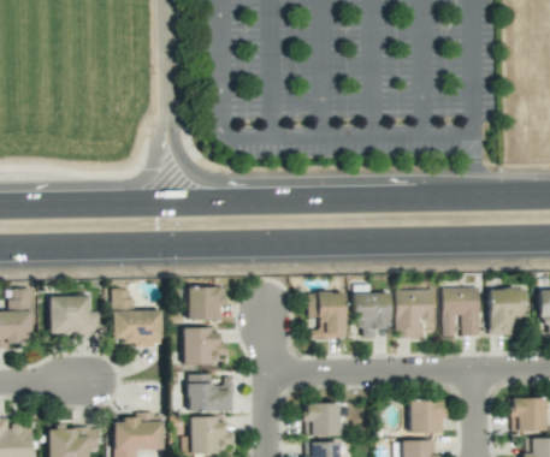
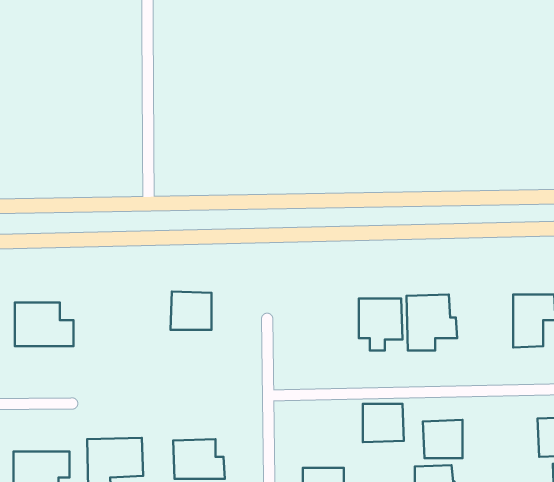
building: [443,286,481,337] -> none
building: [113,289,162,345] -> none
building: [309,292,347,339] -> none
building: [183,327,229,362] -> none
building: [188,374,235,411] -> none
building: [304,403,341,437] -> [363,404,404,442]

